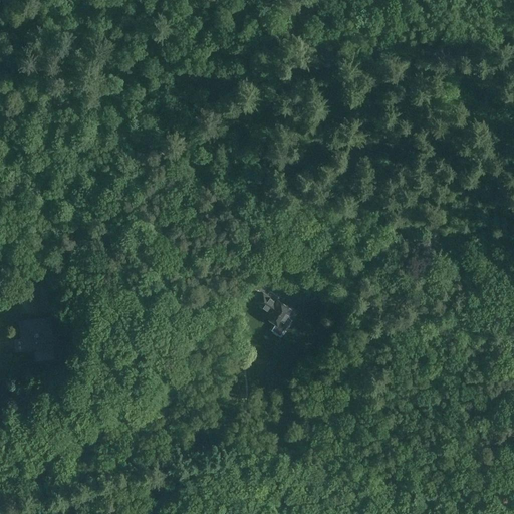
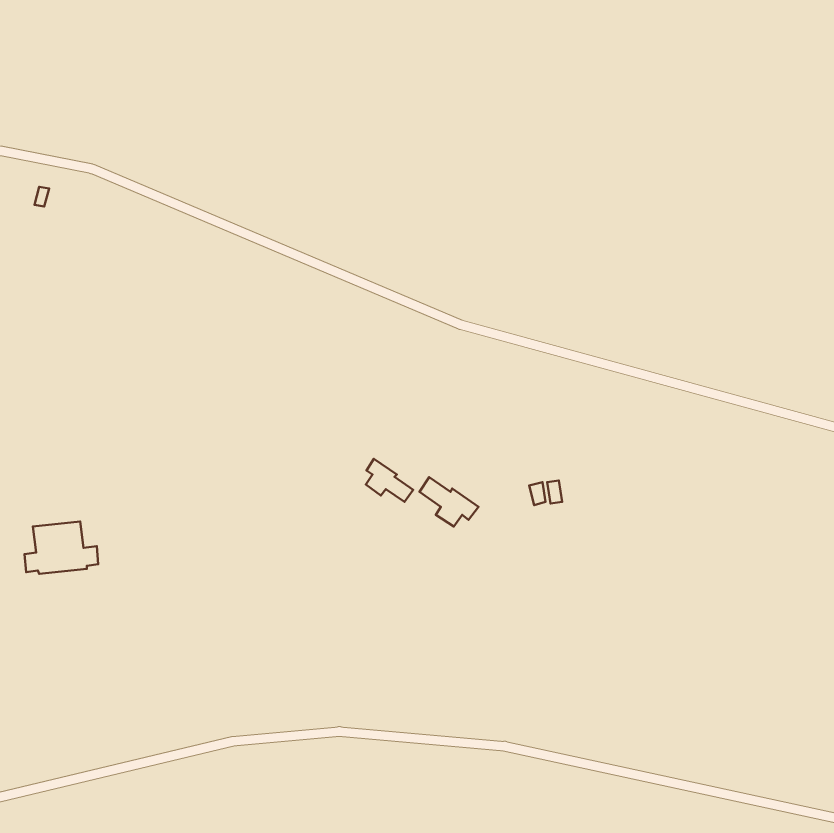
building: none -> [366,459,413,502]

